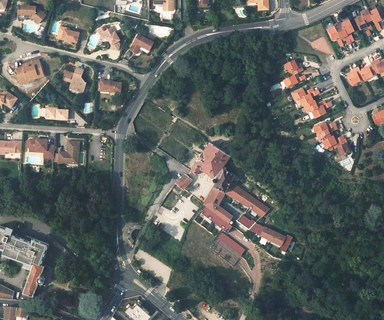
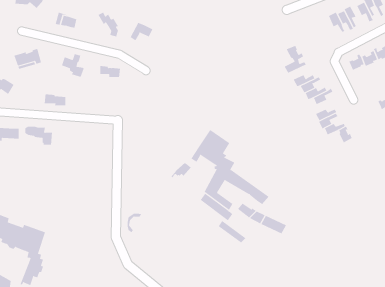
building: [58,141,79,168] -> none

